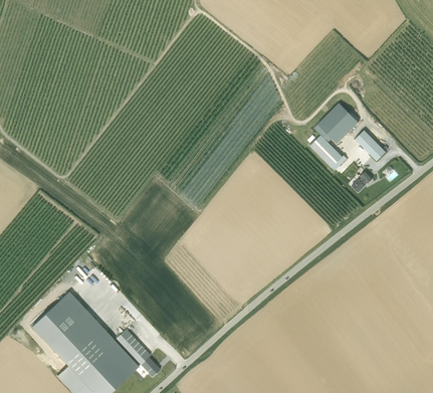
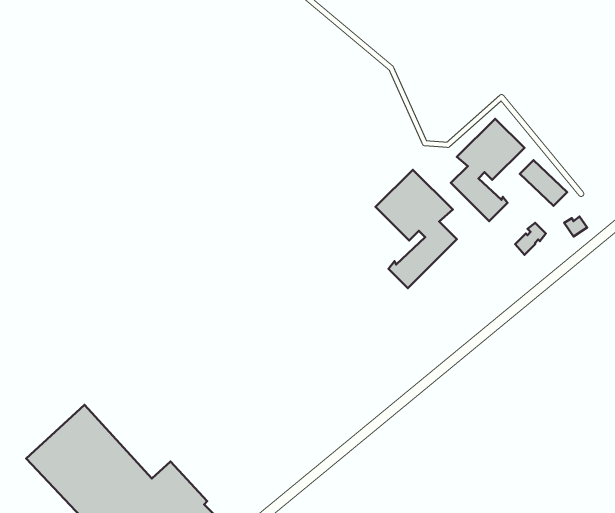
building: none -> [375,170,457,288]

